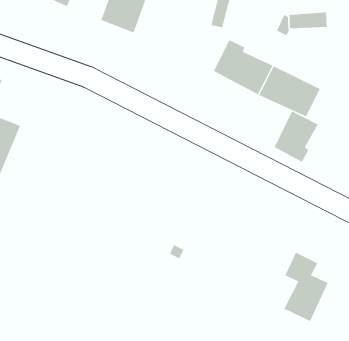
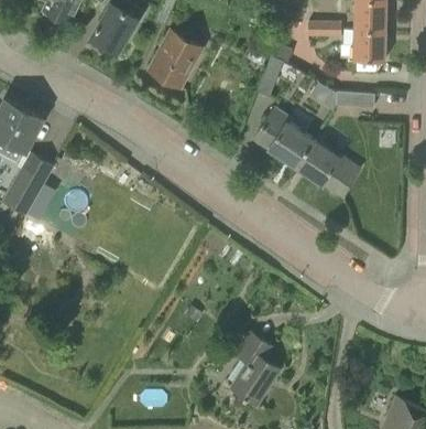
building: [274,111,319,162] -> none
building: [283,252,328,322] -> [231,332,280,404]

